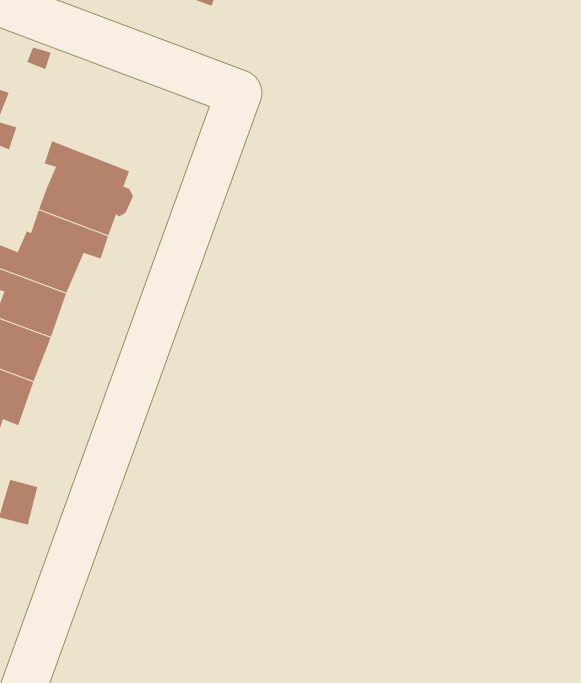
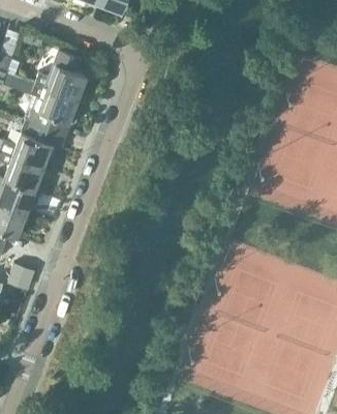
building: none -> [35,51,87,100]

